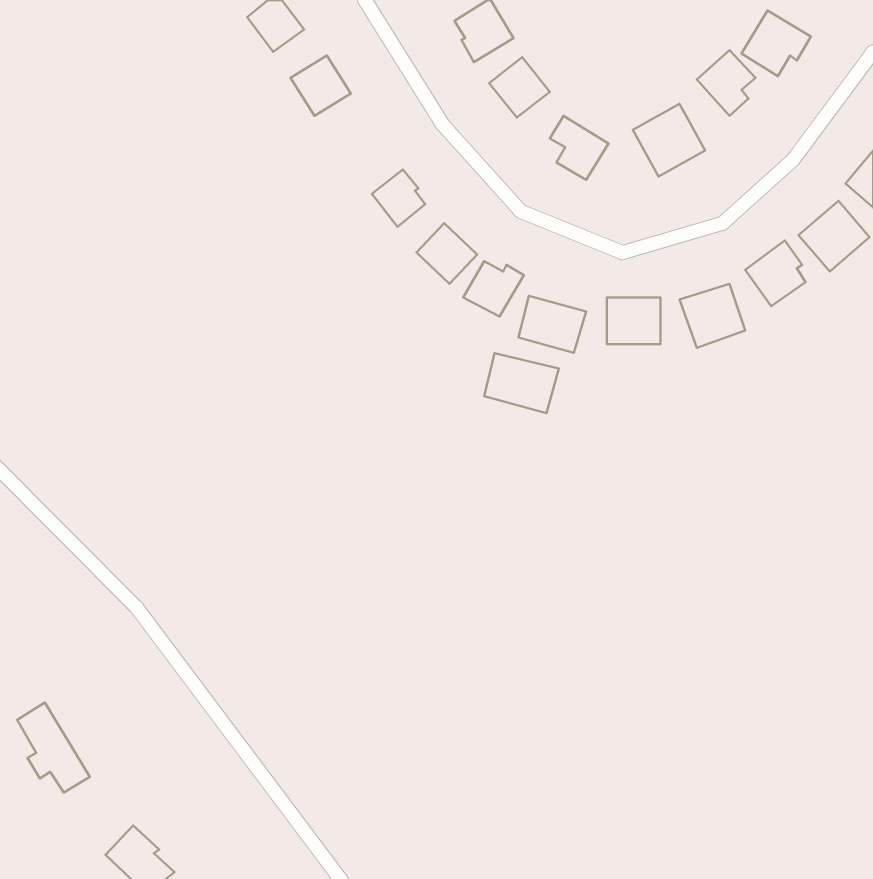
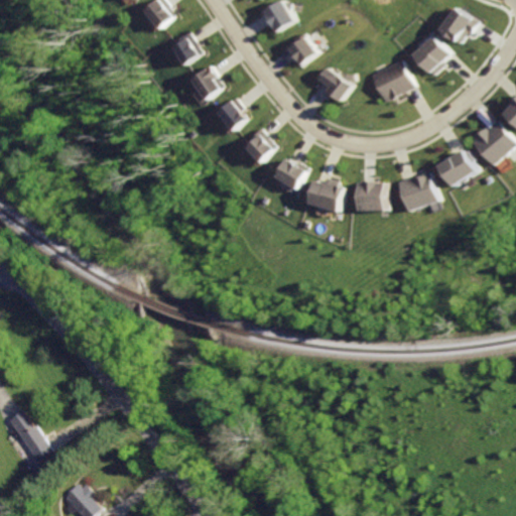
building: none -> [188,69,225,106]
building: [484,353,559,413] -> none

